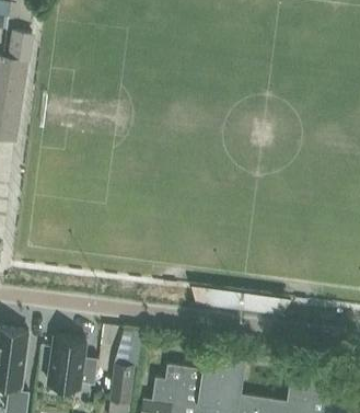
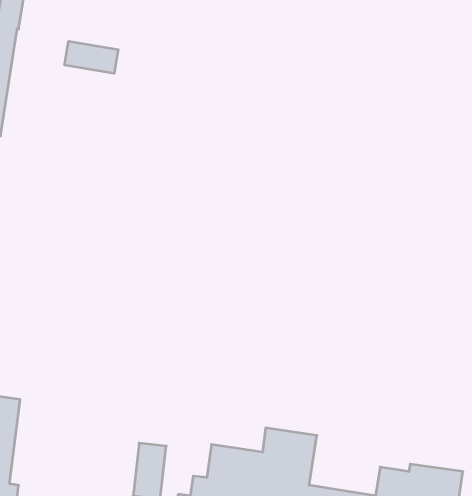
building: none -> [65,41,118,73]
building: [46,337,96,391] -> none

